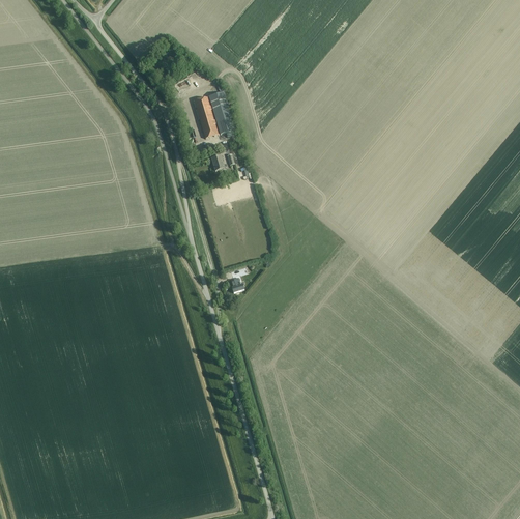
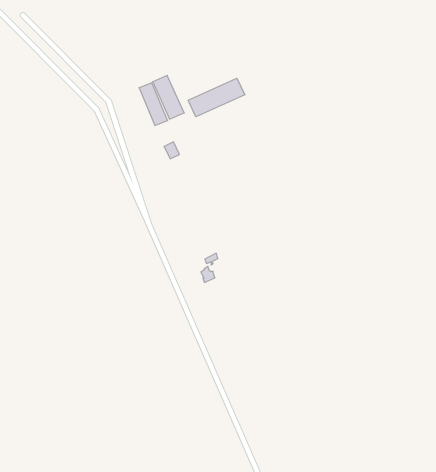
building: none -> [188,78,245,117]

